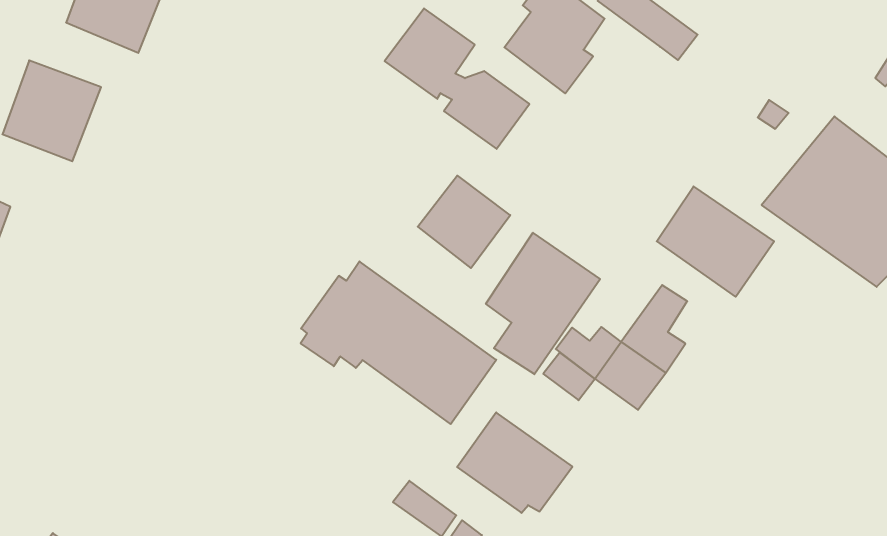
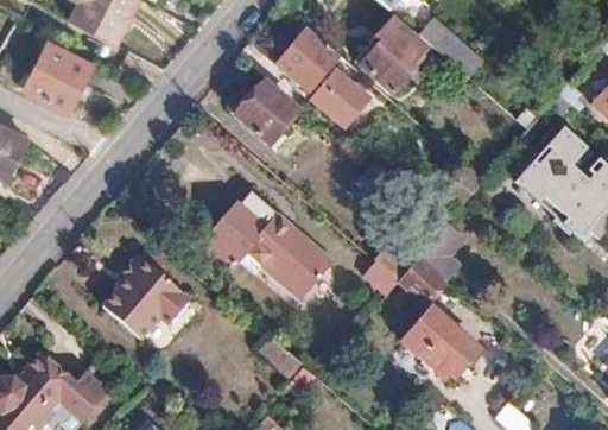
building: [418,176,510,268] -> [239,83,299,144]
building: [657,186,774,297] -> none
building: [486,233,600,374] -> none
building: none -> [102,252,190,336]
building: [457,412,572,513] -> [401,309,476,375]

